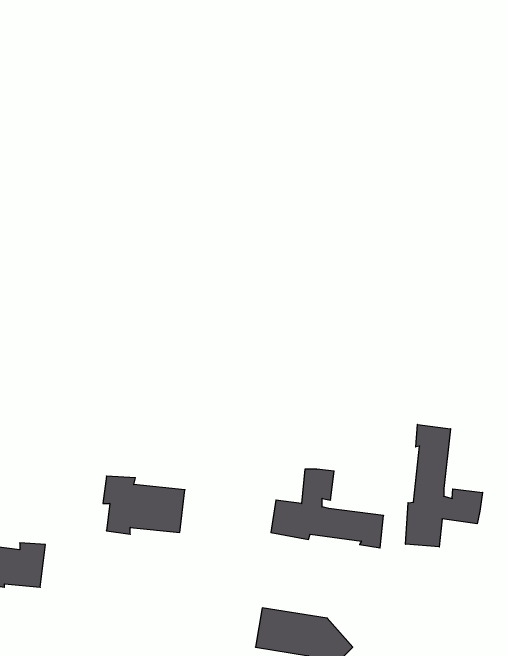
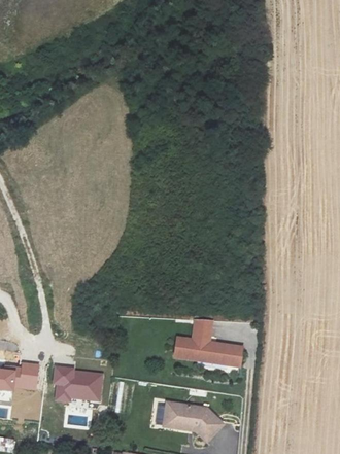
building: [406,424,483,547] -> none
building: [103,476,185,534] -> [53,365,102,400]

